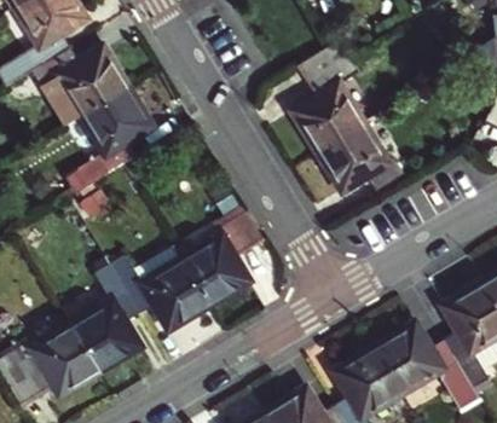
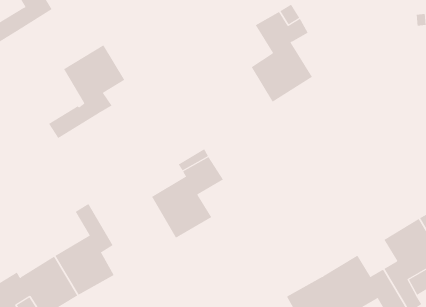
building: [34,45,128,124] -> none
building: [318,122,404,191] -> none
building: [111,245,209,329] -> none

